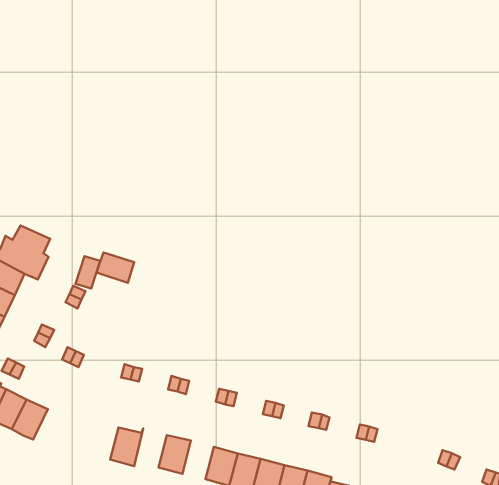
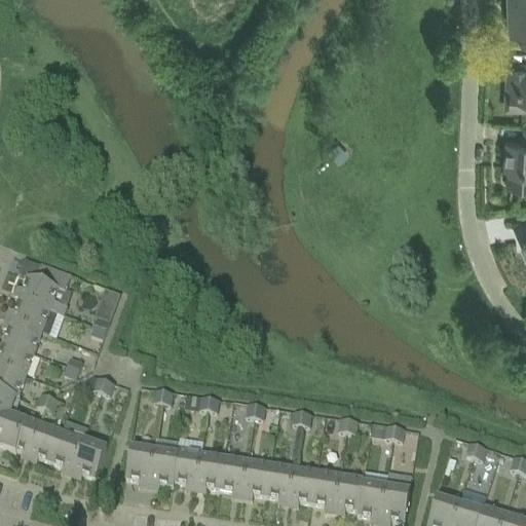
building: [96,252,134,283] -> none
building: none -> [72,438,106,477]
building: none -> [124,445,153,481]
building: none -> [172,448,200,485]
building: none -> [219,455,247,491]

